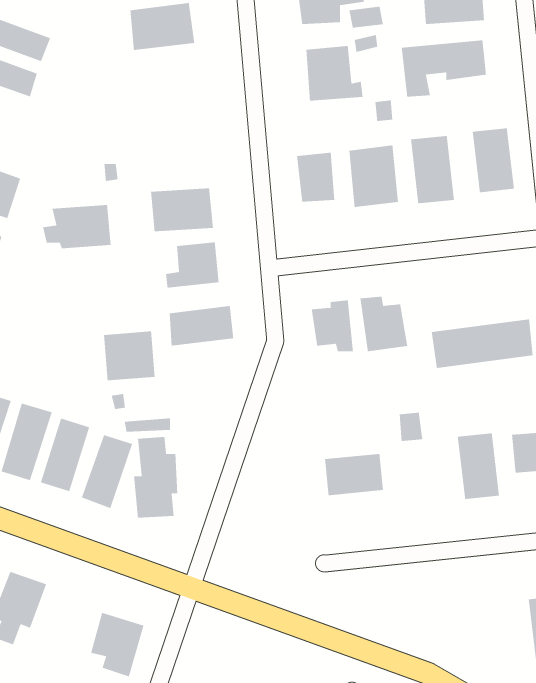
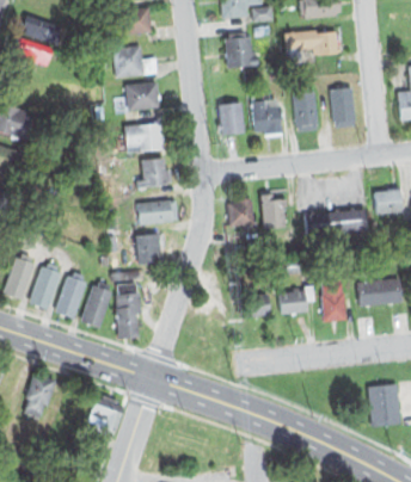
building: none -> [109,44,158,80]
building: [42,204,112,249] -> [117,84,161,112]
building: [103,331,155,381] -> [135,231,168,264]
building: none -> [278,282,314,315]

